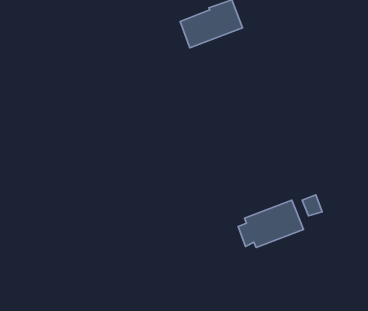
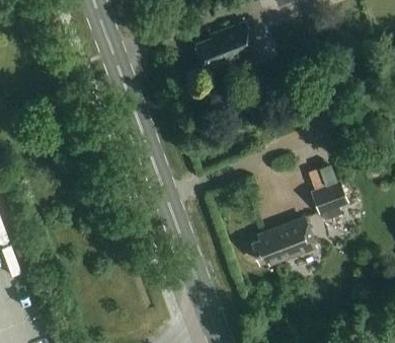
building: none -> [308,161,348,212]

